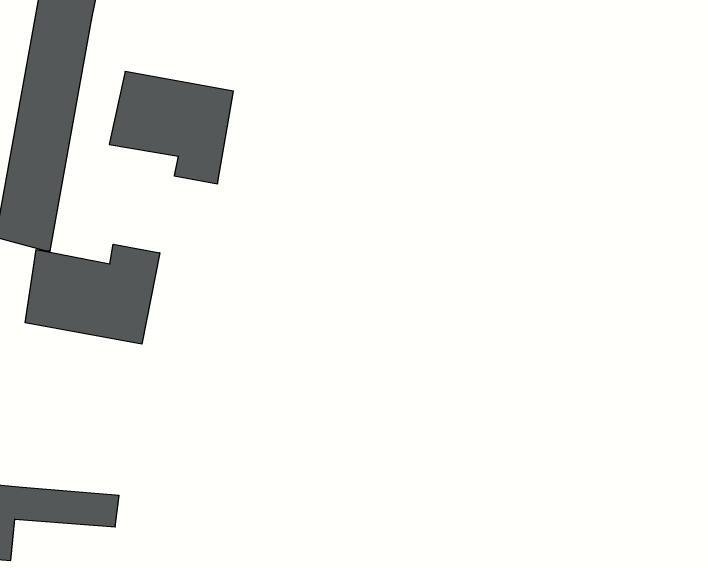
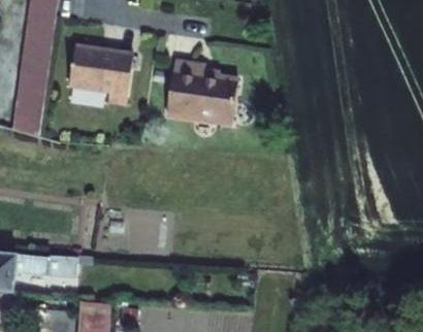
building: none -> [166,56,237,121]
building: [25,244,160,344] -> none

